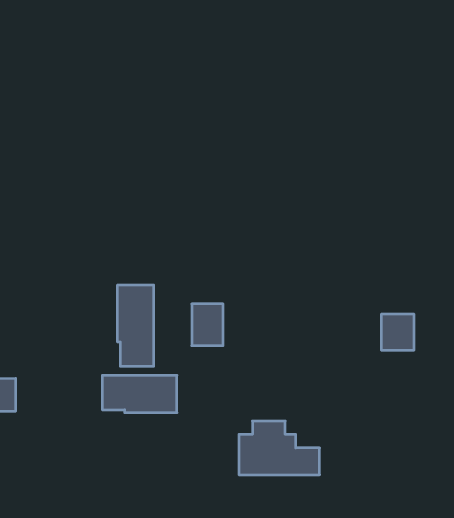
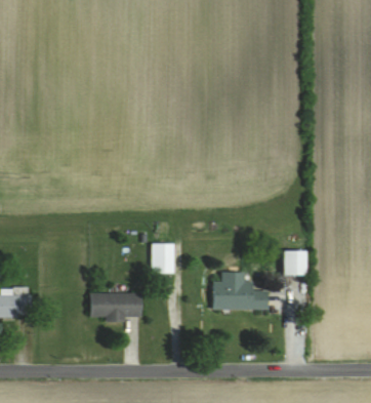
building: [118,285,154,366] -> none
building: [239,421,320,475] -> [213,272,269,309]

